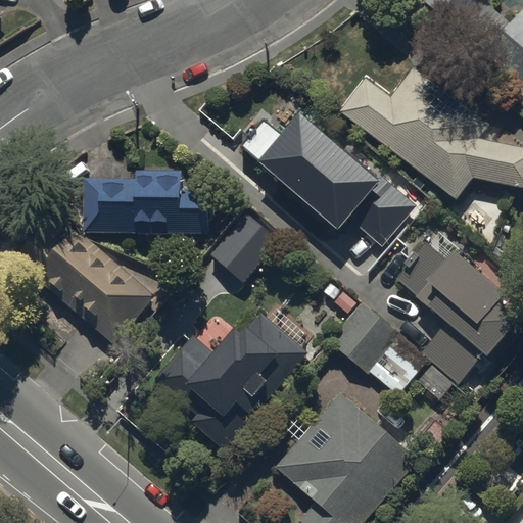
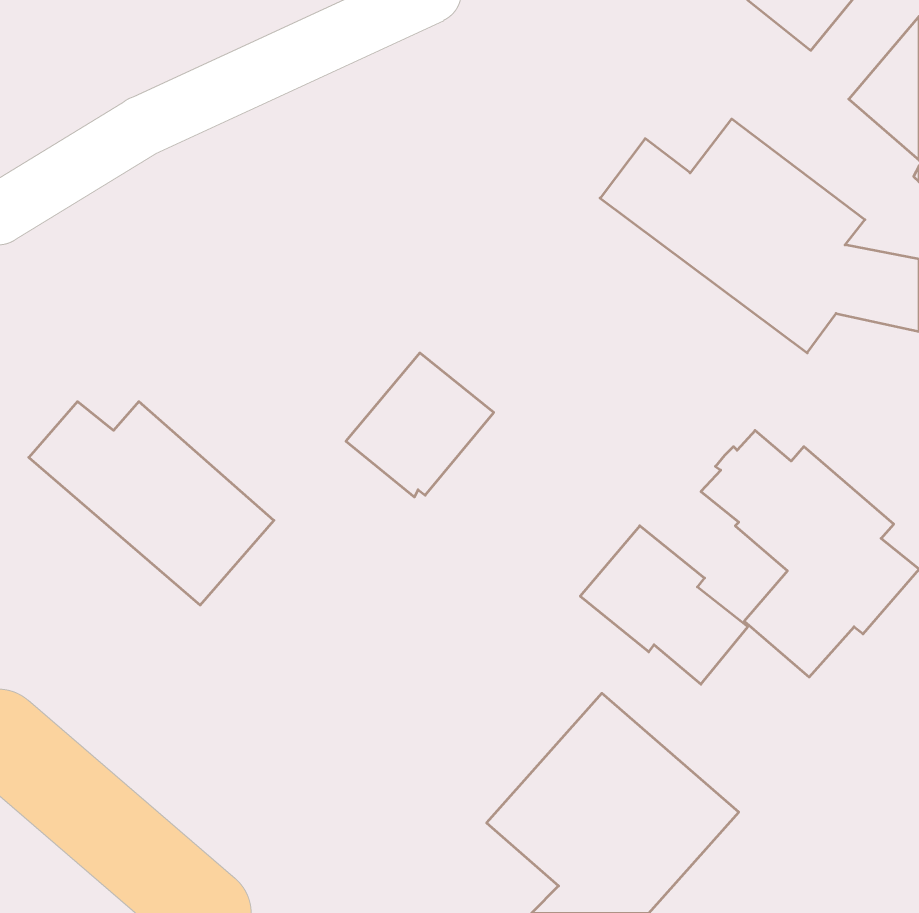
building: [242,115,418,246] -> none
building: [84,169,209,233] -> none
building: [155,308,306,445] -> none

